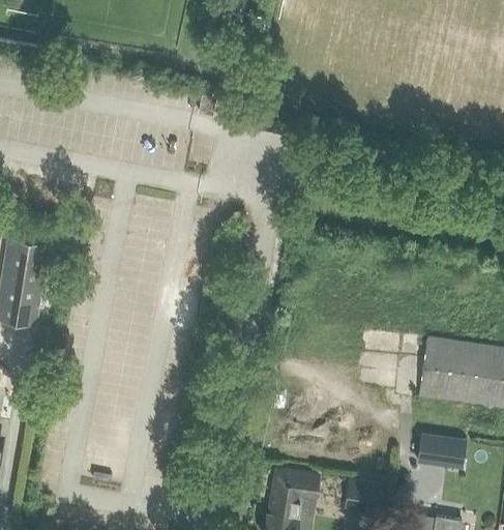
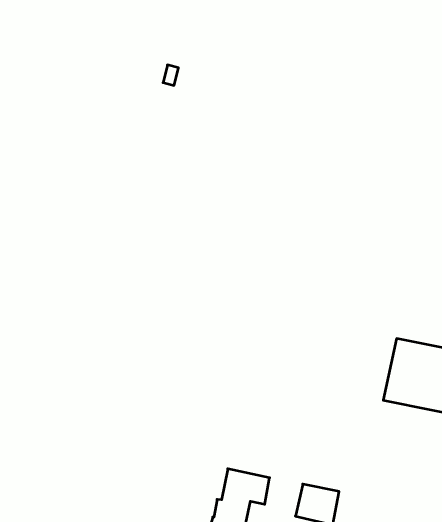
building: [415,432,466,468] -> none

